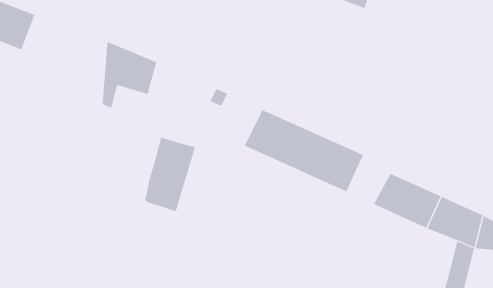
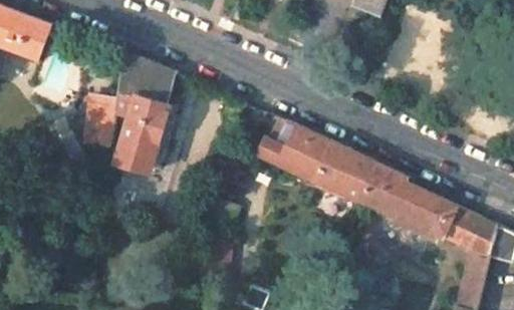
building: none -> [82,95,117,144]
building: [145,137,196,211] -> [116,94,168,169]
building: none -> [360,164,406,213]

